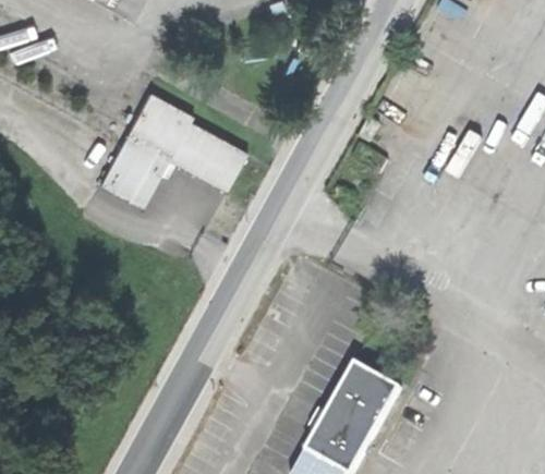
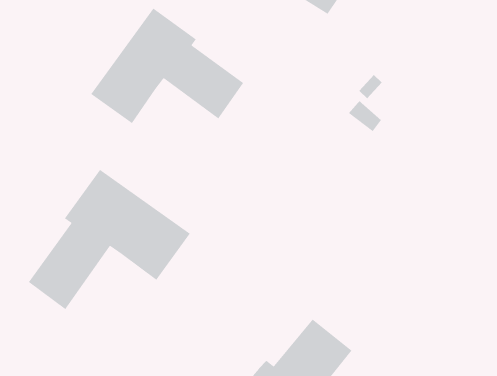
building: none -> [28,169,191,310]

